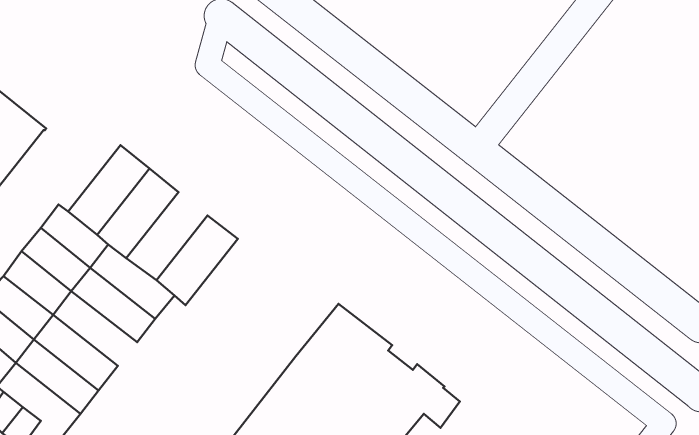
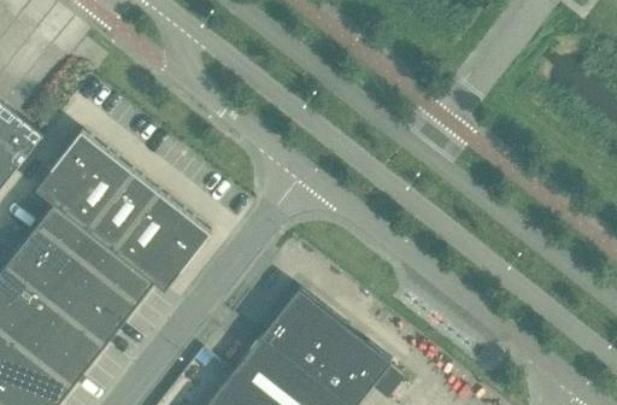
building: none -> [35,131,107,209]
building: none -> [112,192,183,269]
building: none -> [48,278,122,344]

